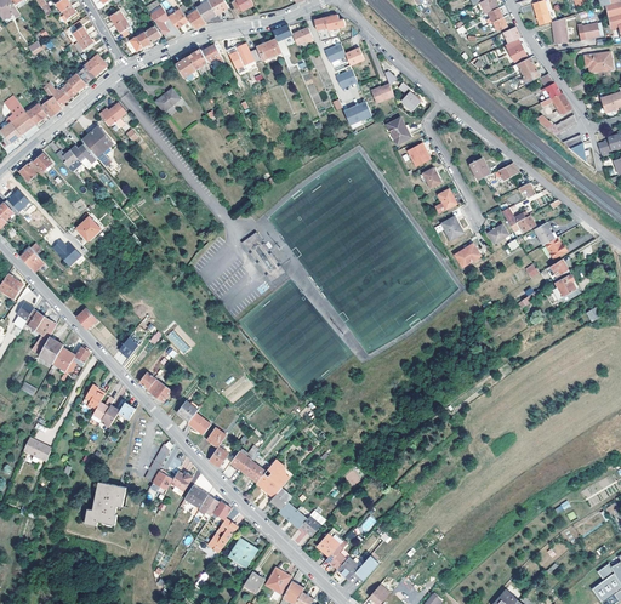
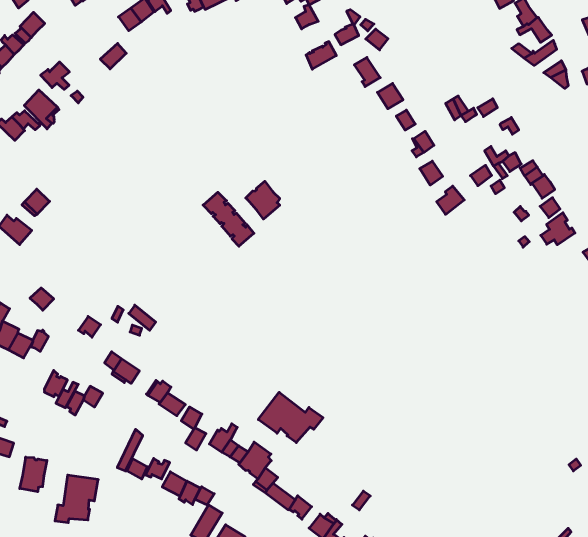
building: none -> [246,181,280,219]
building: none -> [258,392,323,443]
building: none -> [20,457,47,492]

